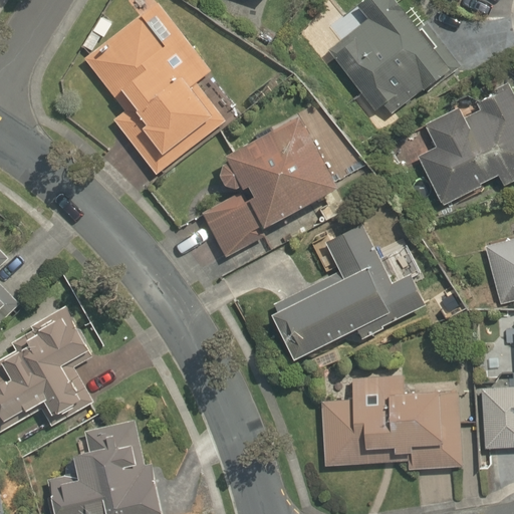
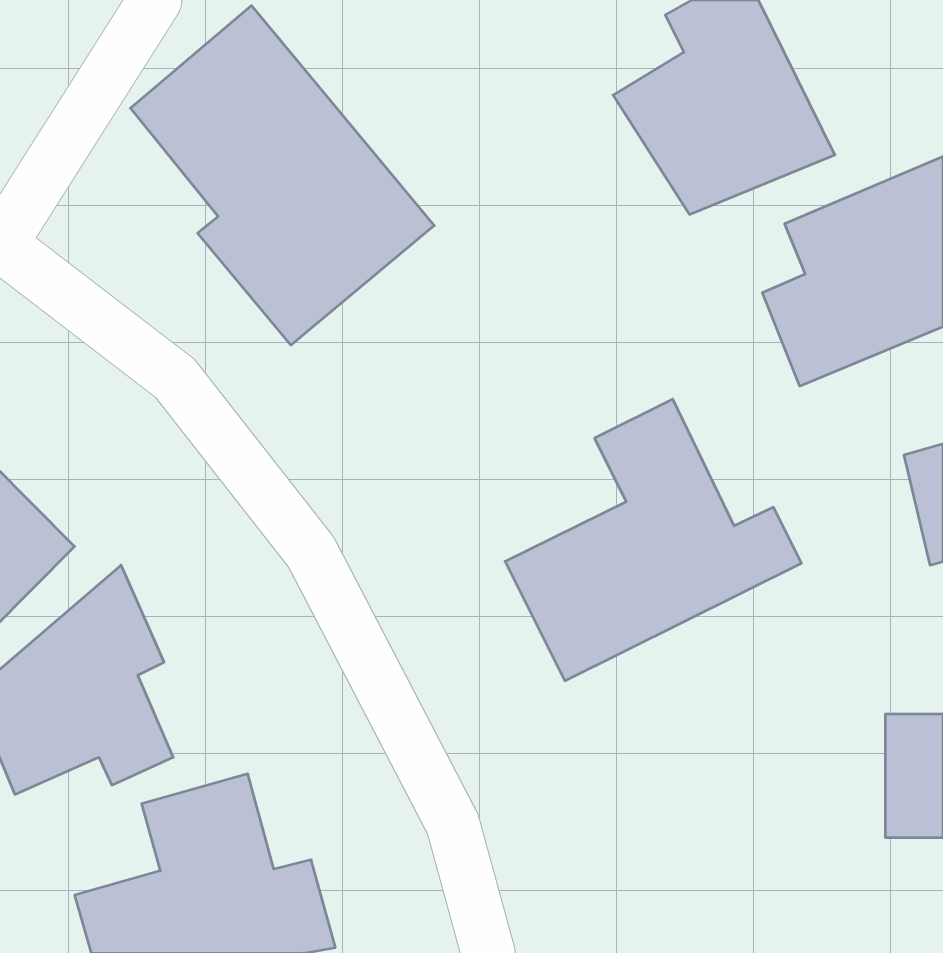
building: [197,112,350,261] -> none
building: [321,374,464,474] -> none

